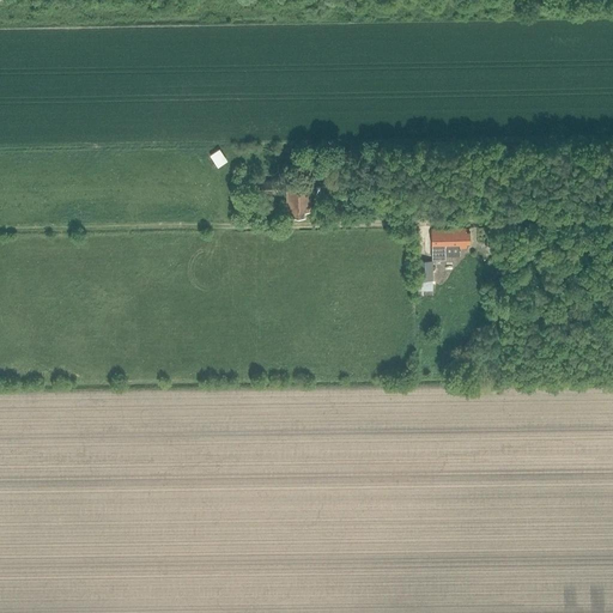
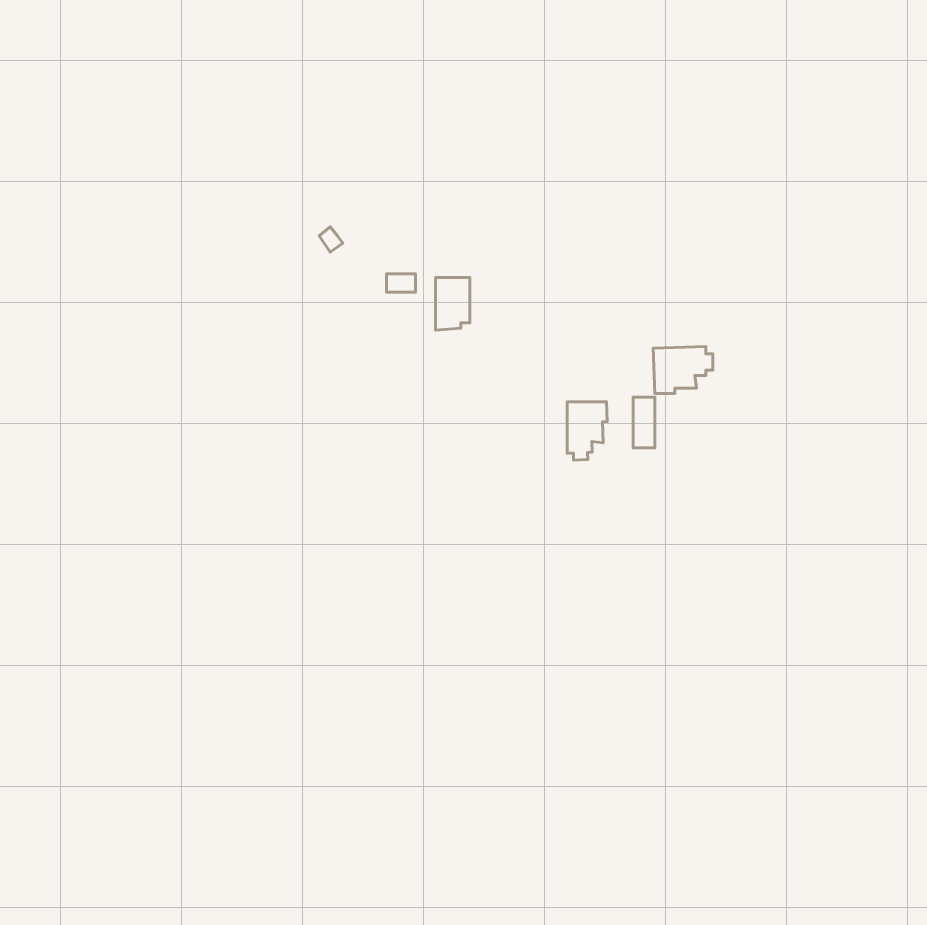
building: none -> [567,402,607,460]

